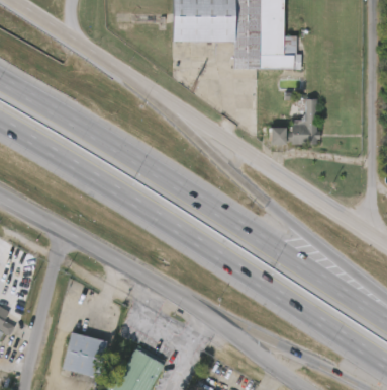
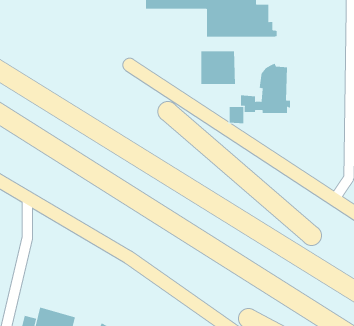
building: none -> [201,51,236,85]

